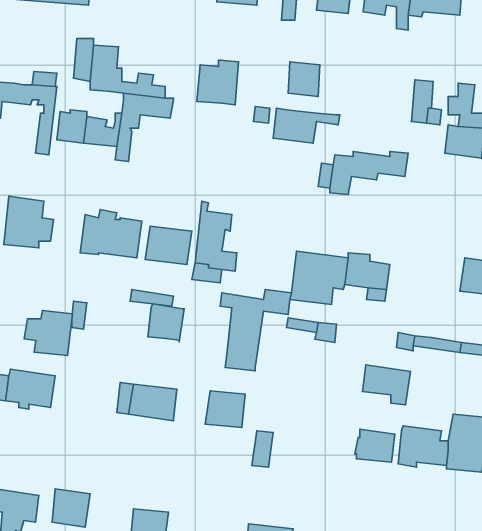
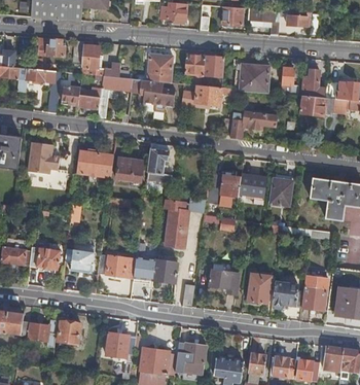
building: none -> [36,38,64,57]
building: none -> [184,55,205,76]
building: none -> [233,64,269,92]
building: none -> [131,79,175,112]
building: none -> [269,179,292,206]
building: [148,304,184,342] -> [133,256,155,280]
building: [24,311,72,356] -> [64,244,94,272]
building: [362,365,411,405] -> [209,269,239,293]

